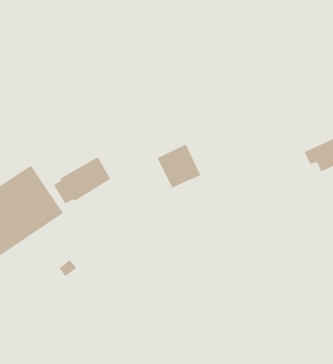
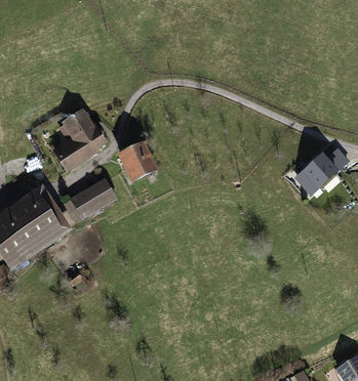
building: none -> [50,108,107,172]
building: [156,144,201,189] -> [116,140,158,182]

